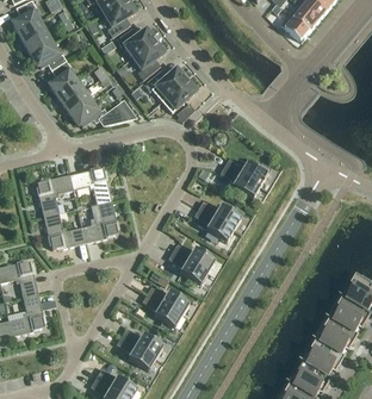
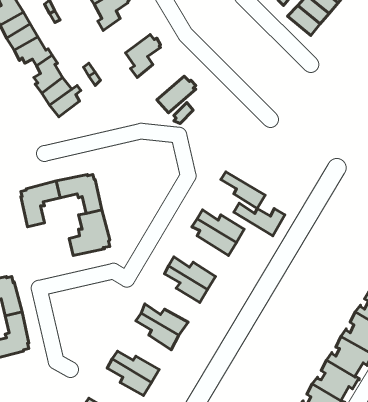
building: [114,26,154,56] -> none
building: [142,66,185,99] -> none
building: [70,99,134,124] -> none
building: [223,156,269,186] -> [234,203,285,236]
building: [42,211,83,248] -> none

